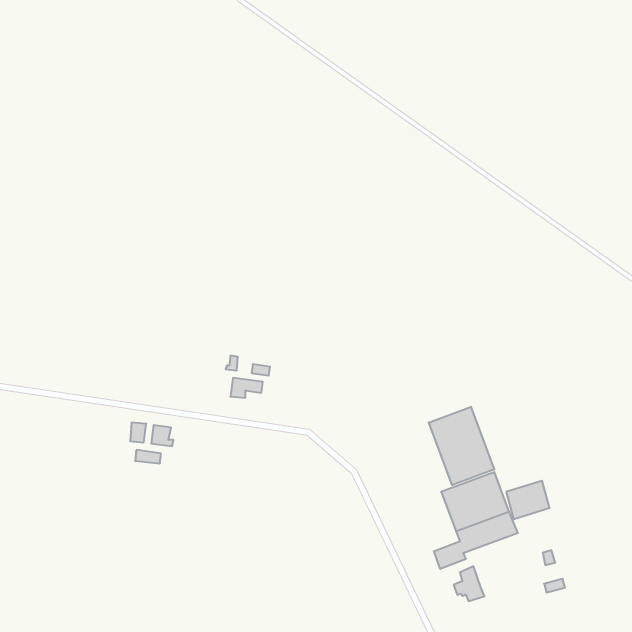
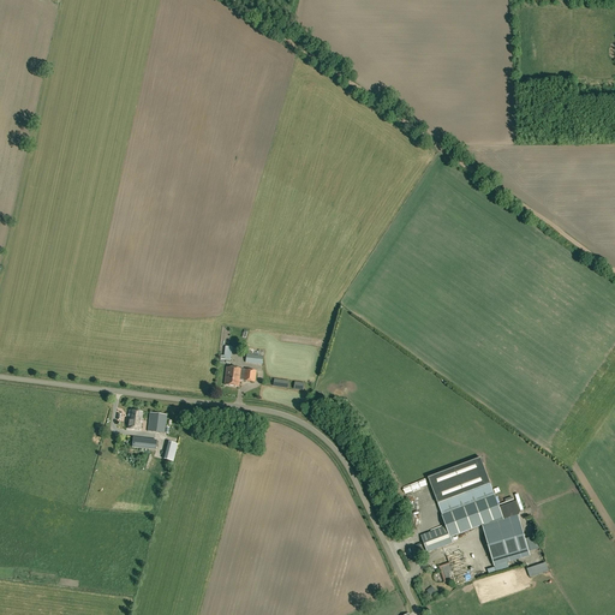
building: [429,407,494,485] -> none
building: [506,481,550,519] -> [484,521,526,559]

